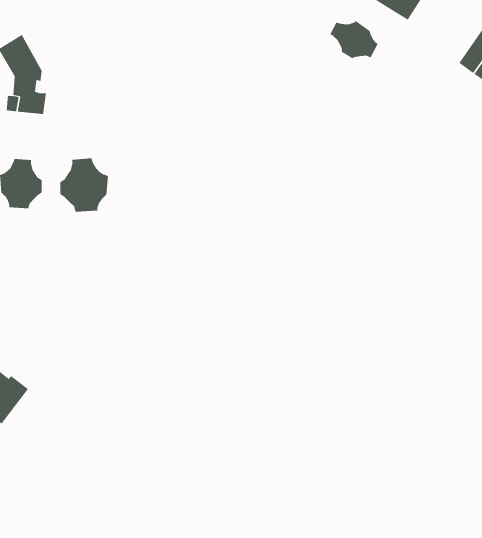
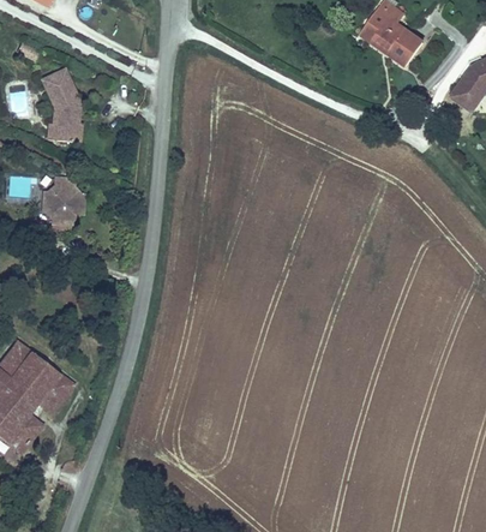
building: [330,20,379,59] -> none
building: [60,158,109,213] -> none

